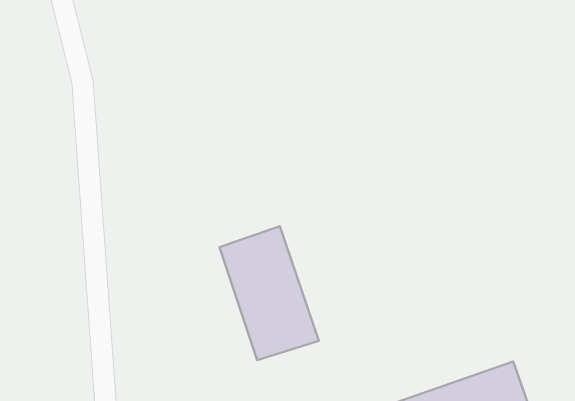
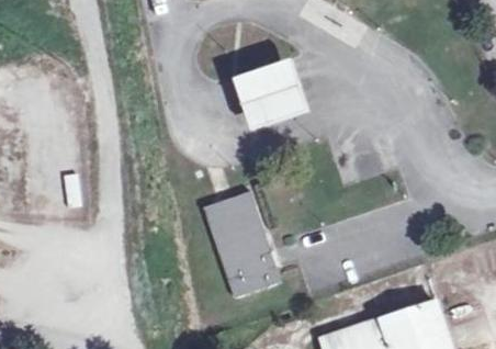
building: none -> [237,65,309,134]

